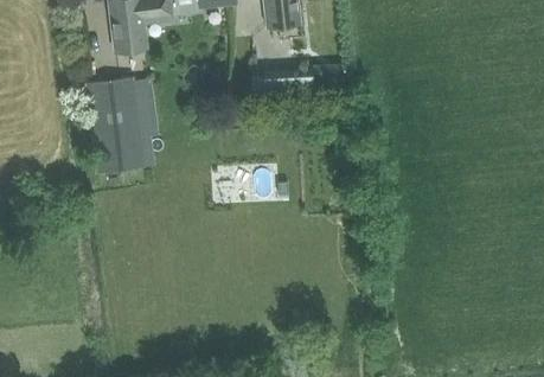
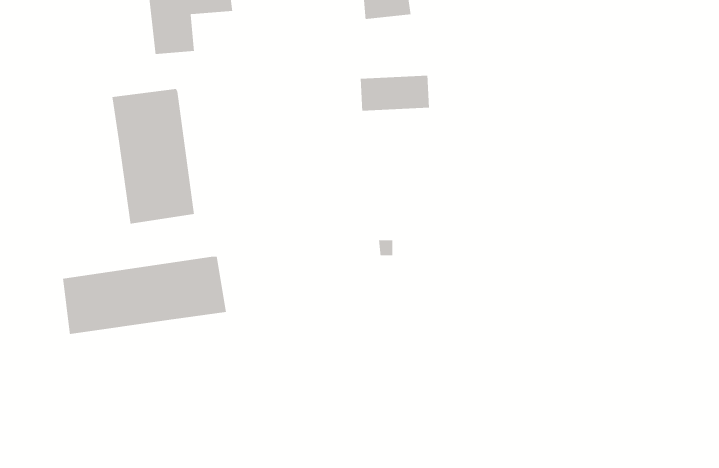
building: none -> [62,256,227,335]

